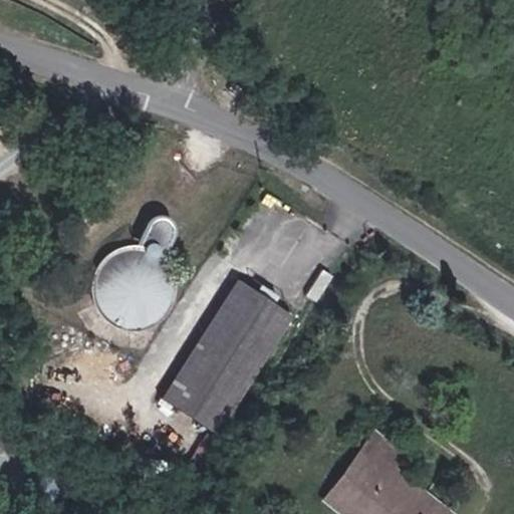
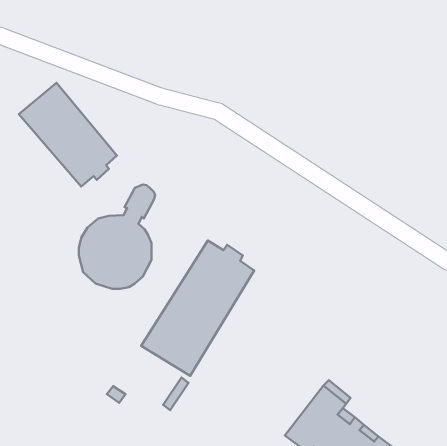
building: none -> [19,83,117,186]

